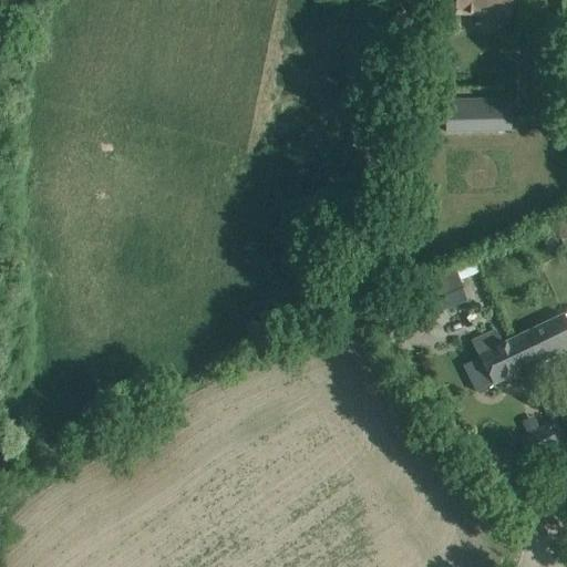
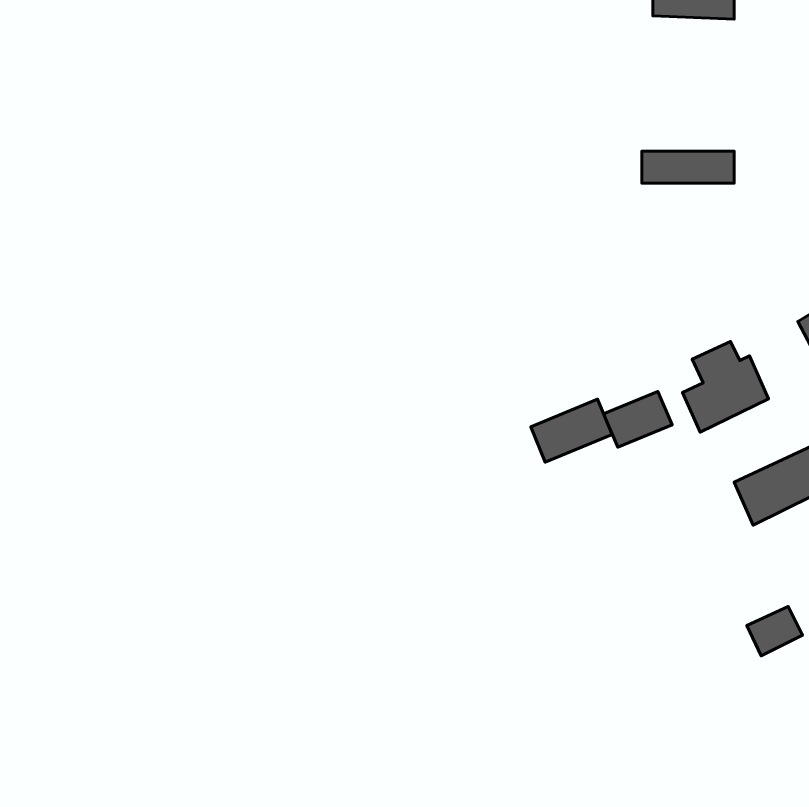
building: none -> [531,399,612,462]
building: [467,326,527,389] -> [683,342,769,432]

